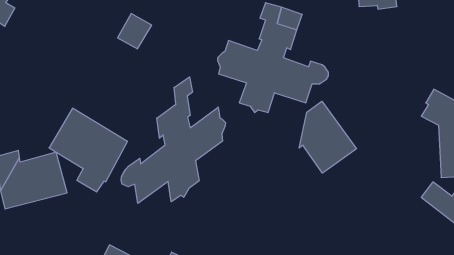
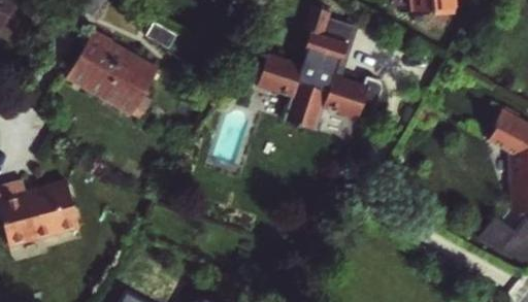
building: [121,77,226,203] -> none
building: [299,101,356,173] -> none
building: [49,108,127,192] -> [68,32,158,128]

